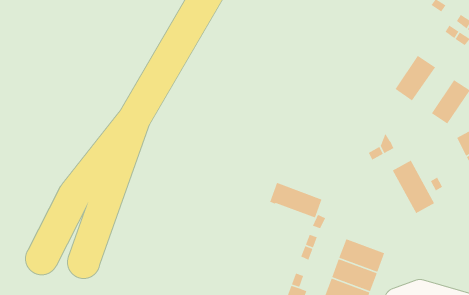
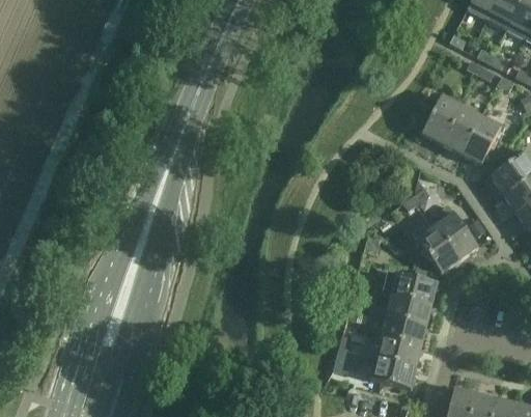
building: none -> [442,105,482,154]
building: none -> [413,220,459,272]
building: [269,182,323,218] -> [383,270,438,303]

